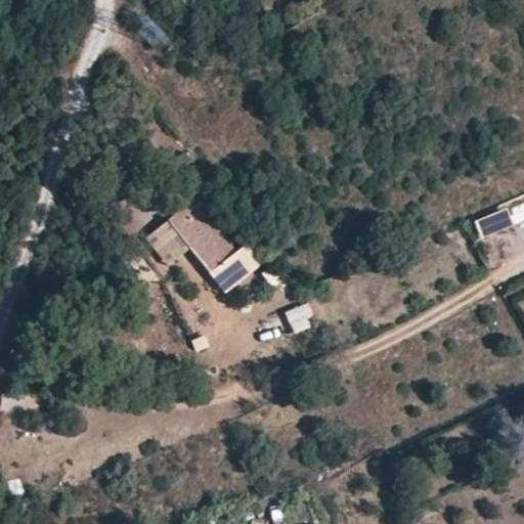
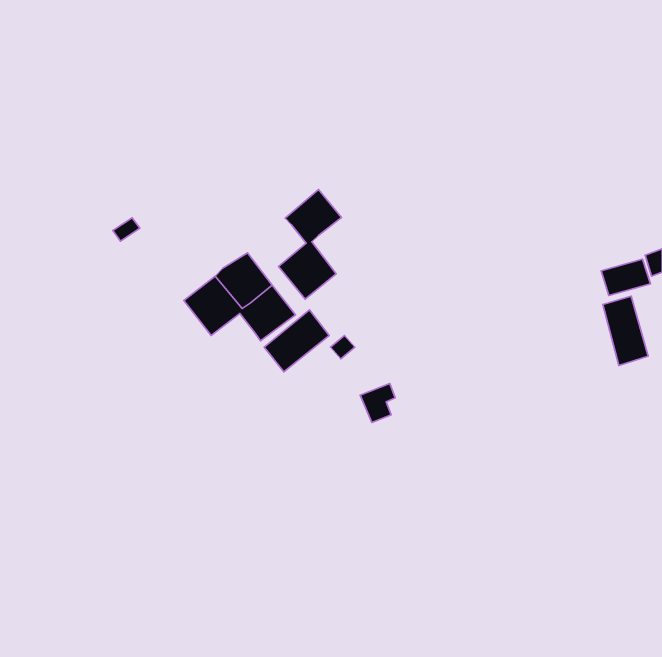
building: none -> [278,190,341,299]
building: none -> [603,296,648,365]

